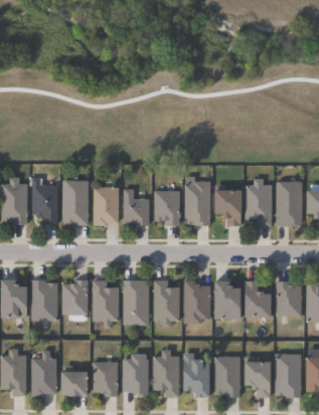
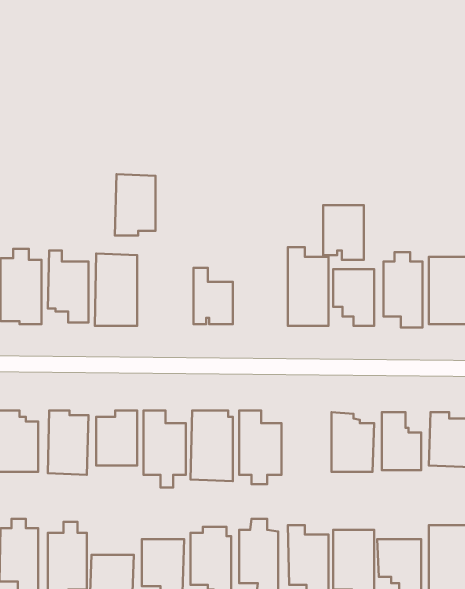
building: [93,186,119,225] -> [115,174,156,235]
building: [154,190,180,225] -> [323,205,364,260]
building: [184,279,210,324] -> none

